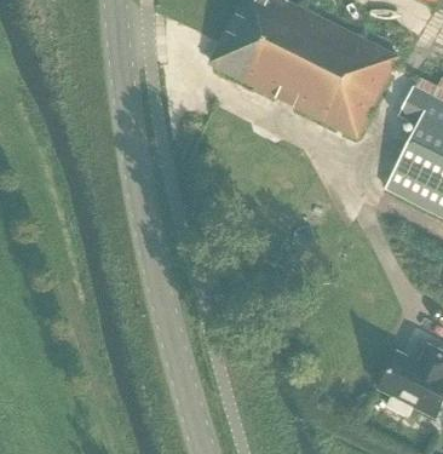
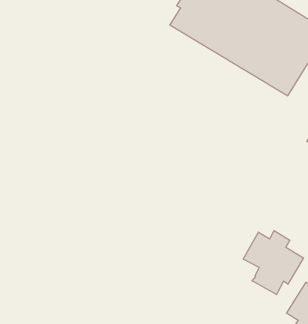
building: none -> [243,231,304,295]

